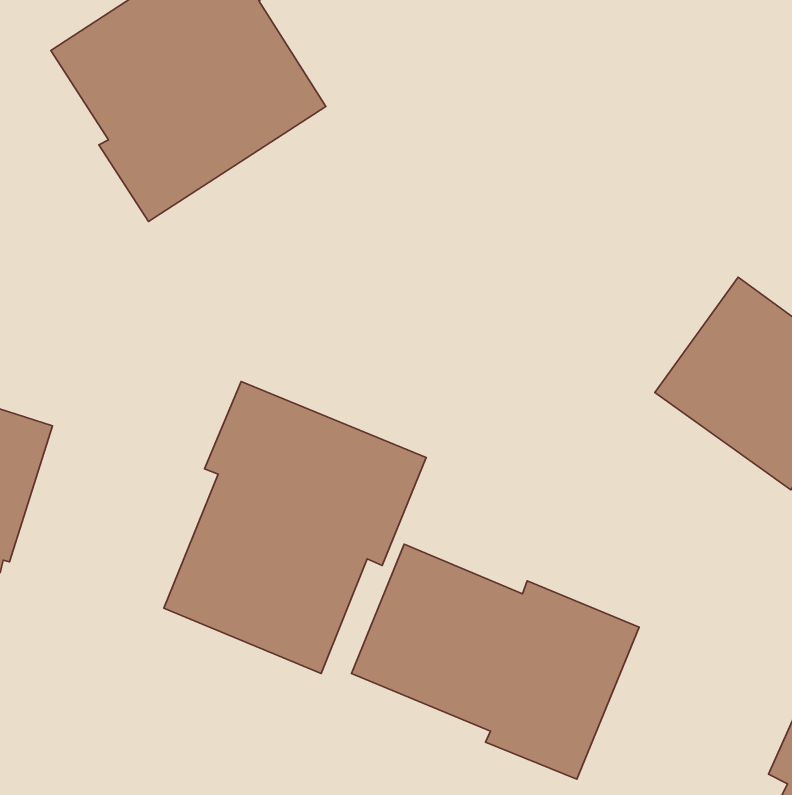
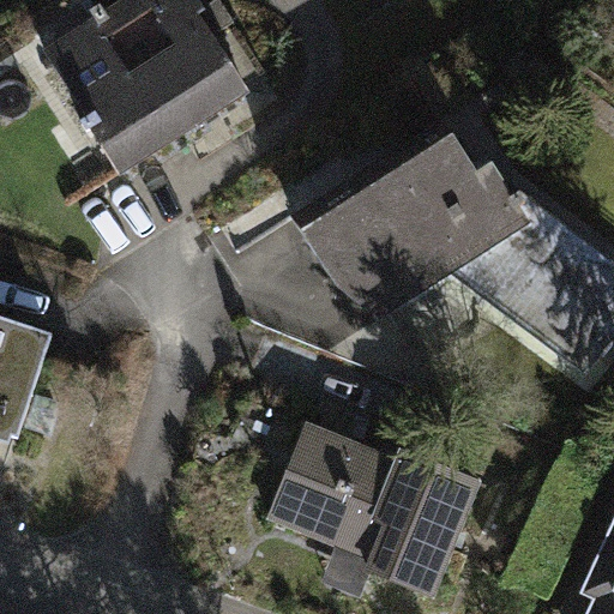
building: none -> [294,133,528,326]
building: [164,381,426,673] -> none

